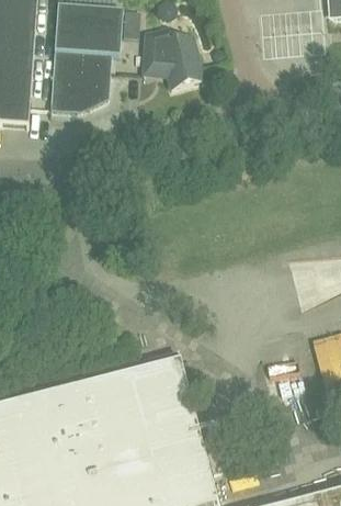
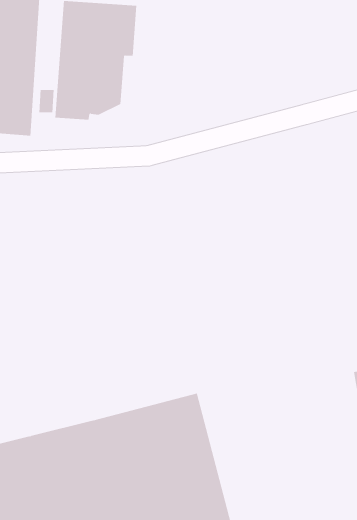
building: [144,30,204,88] -> none

